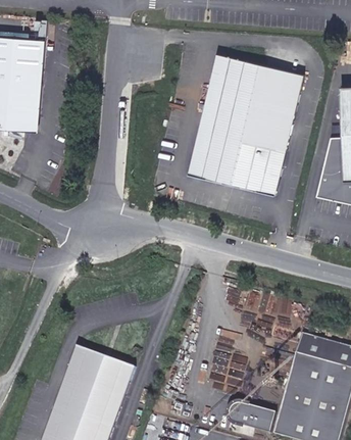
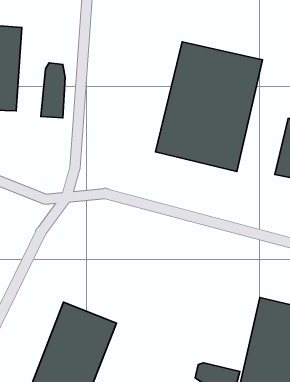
building: none -> [41,63,65,118]

